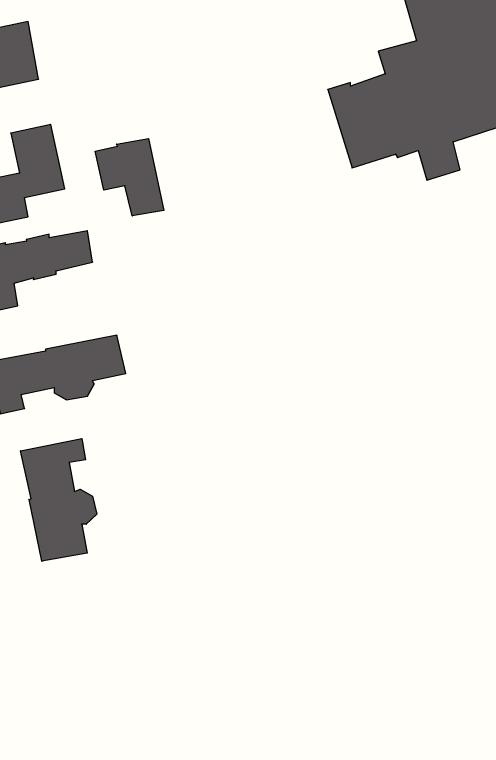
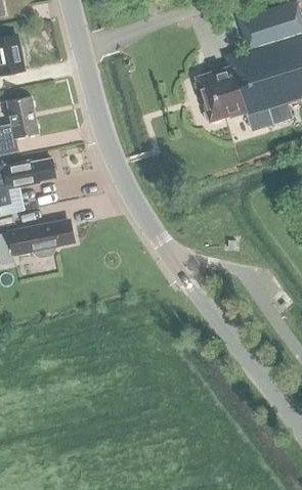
building: [95,139,164,216] -> none
building: [21,439,97,561] -> none

